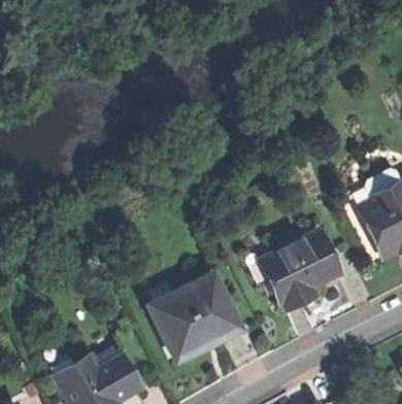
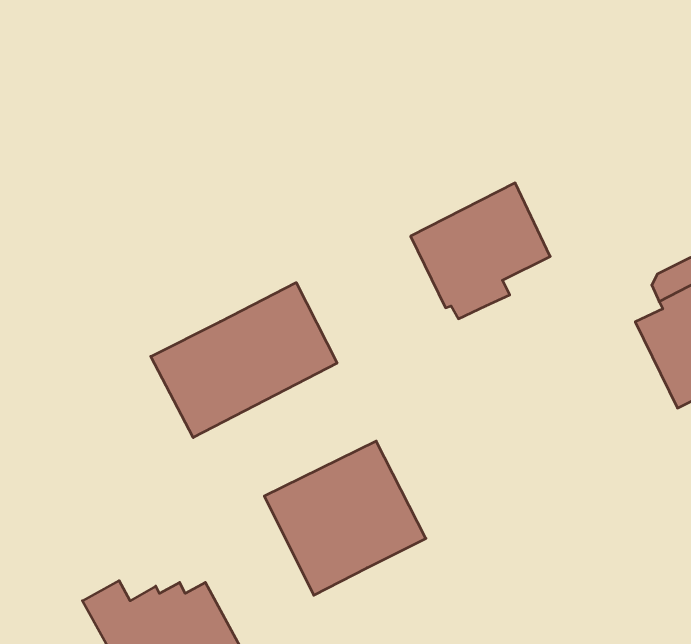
building: none -> [151,283,337,438]
building: [263,232,341,308] -> [411,183,550,319]

